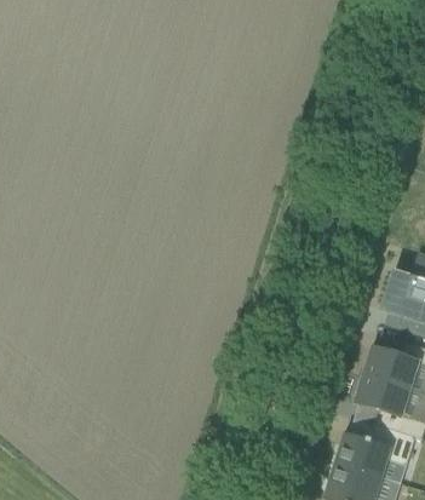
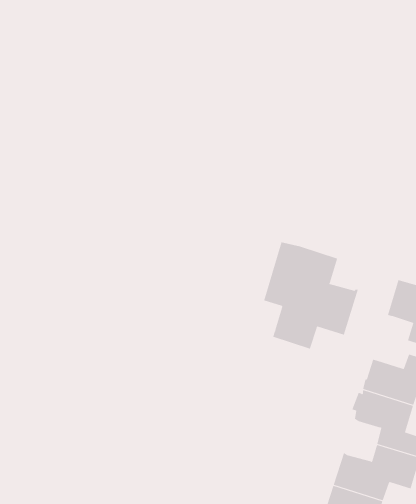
building: none -> [263,241,359,349]

